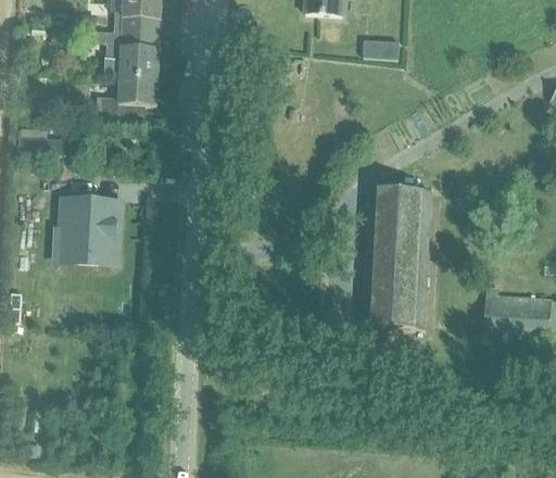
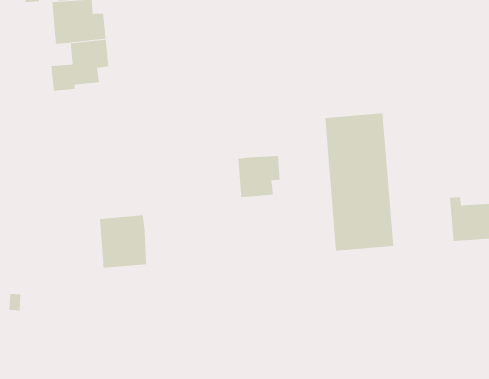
building: [64,202,113,255] -> [99,215,147,268]
building: none -> [238,155,280,198]

